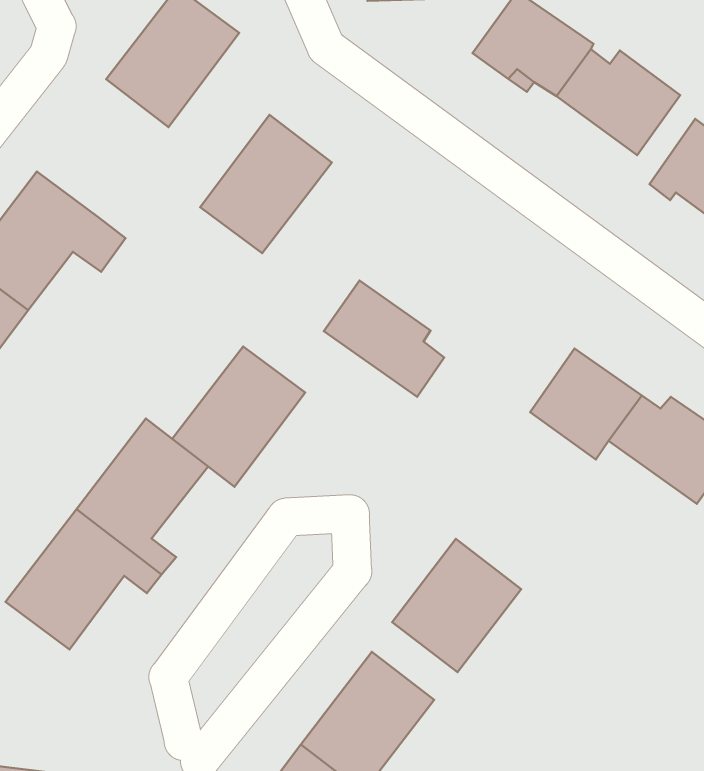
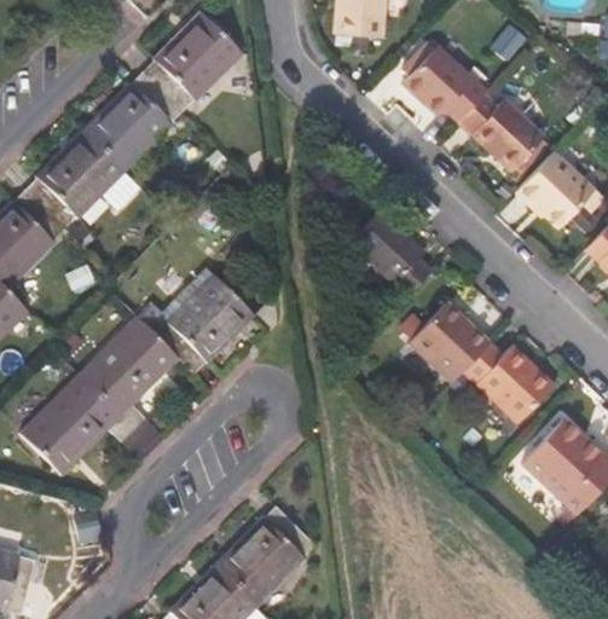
building: [200,115,332,253] -> [83,69,181,167]
building: [324,281,444,397] -> [351,212,434,300]
building: [392,539,521,672] -> none

